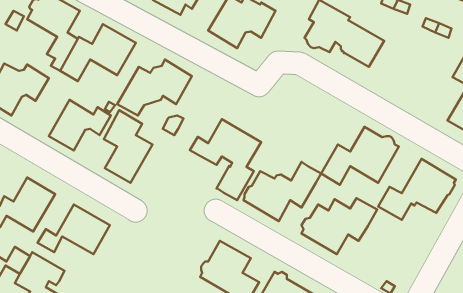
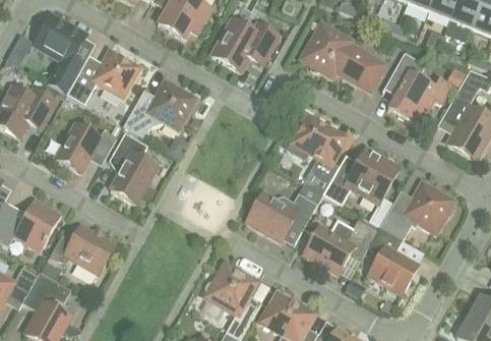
building: none -> [384,51,451,125]
building: [190,119,261,200] -> [277,114,347,193]
building: none -> [369,226,419,293]

